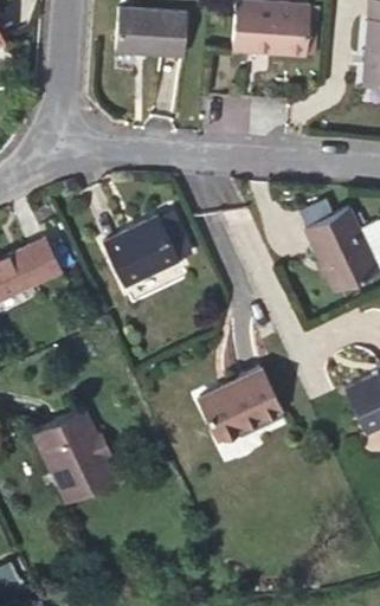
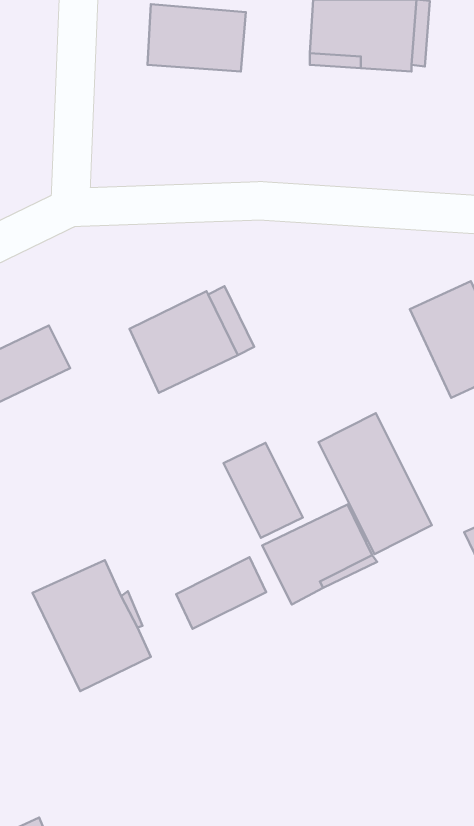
building: none -> [318,413,432,554]
building: none -> [224,443,303,538]
building: none -> [176,557,266,629]

